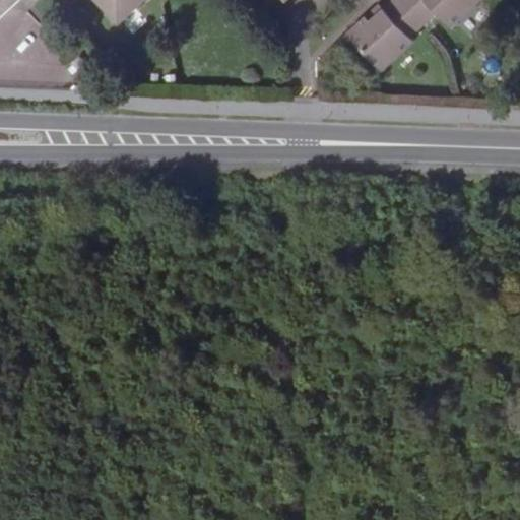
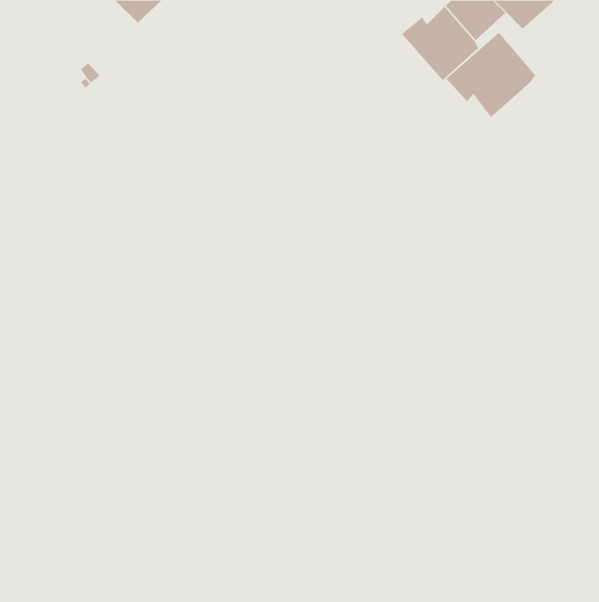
building: none -> [446,32,536,118]

